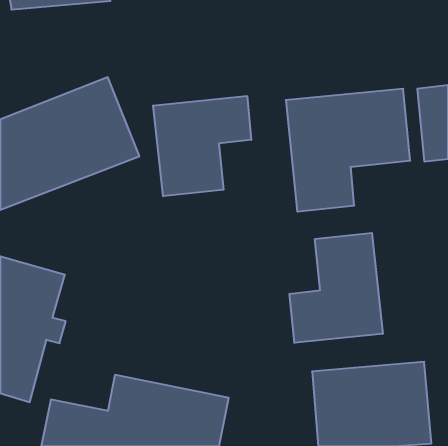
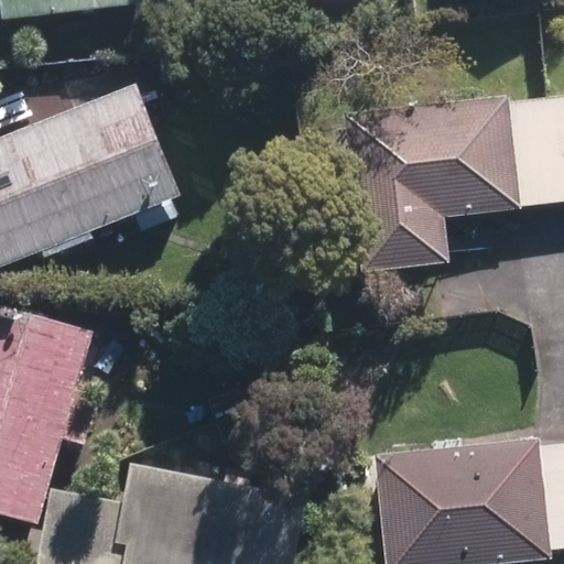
building: [153,96,251,196] -> none
building: [290,233,383,343] -> none

